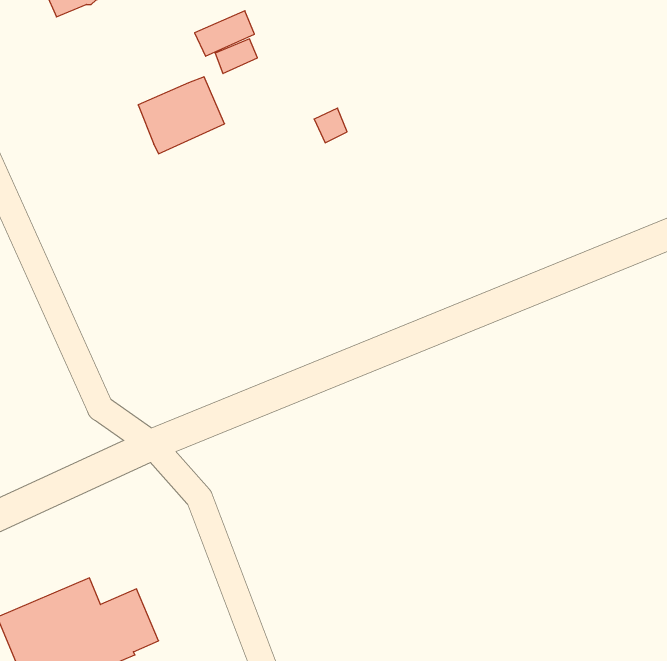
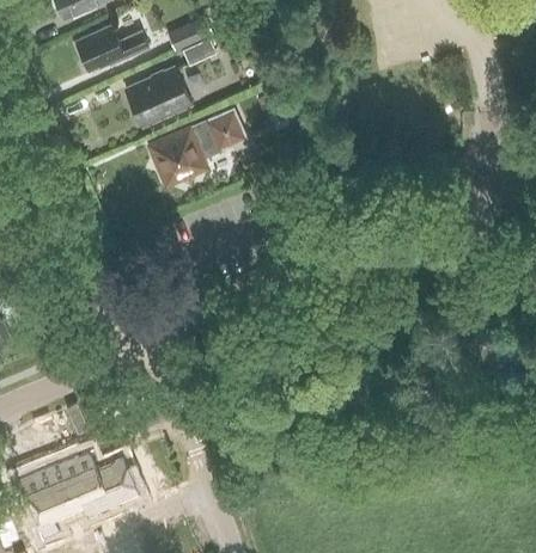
building: none -> [77,25,150,70]
building: none -> [152,111,245,184]

